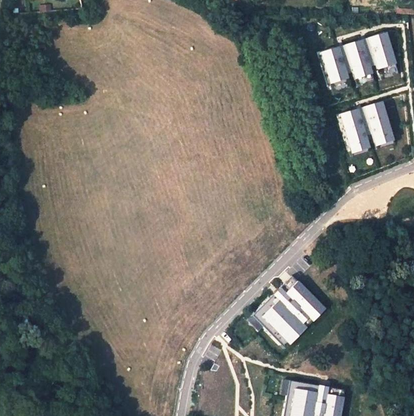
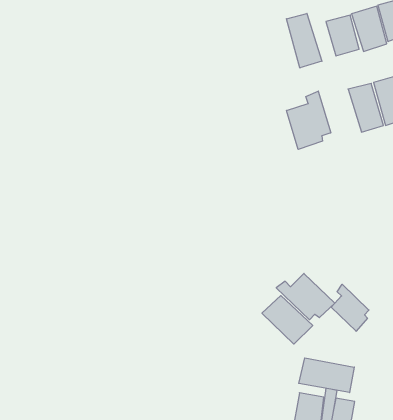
building: none -> [286,13,322,68]
building: none -> [287,91,331,149]
building: none -> [331,284,369,331]
building: none -> [299,358,354,393]

